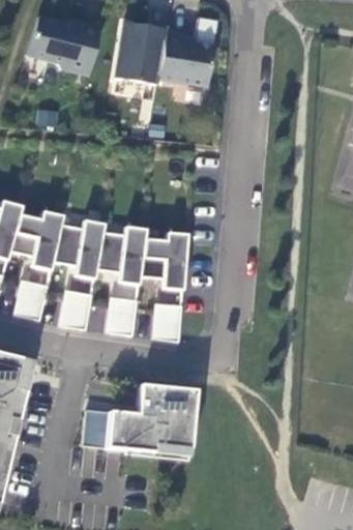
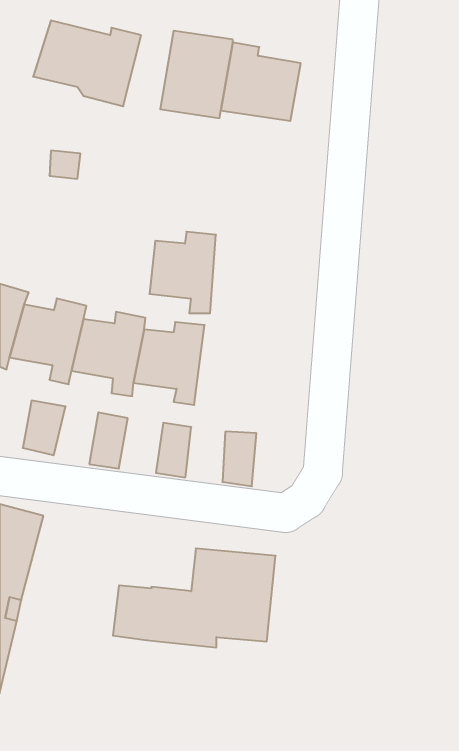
building: [140,232,186,289] -> [149,232,216,313]

